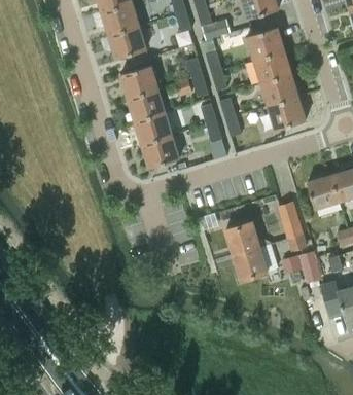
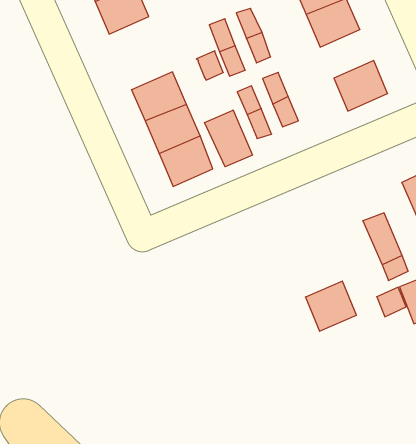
building: [121,65,157,98] -> none
building: [261,73,297,105] -> none
building: none -> [205,110,253,167]
building: [225,221,259,254] -> none

